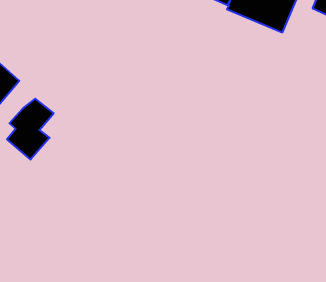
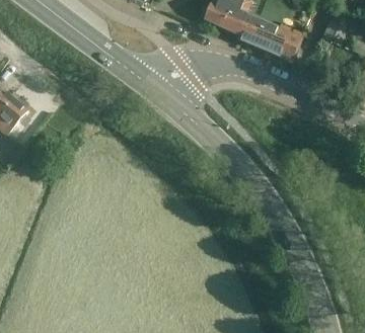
building: [7,99,54,160] -> none

